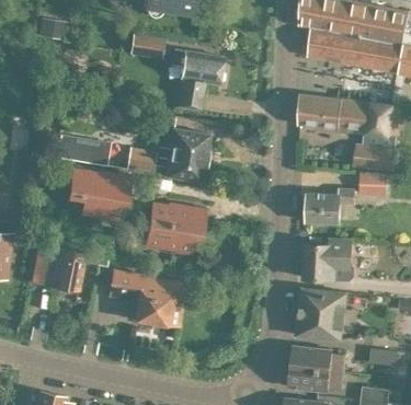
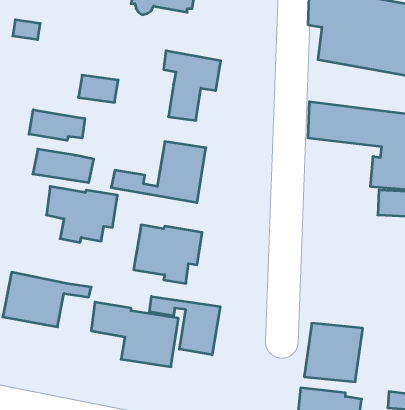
building: [129,35,164,59] -> [78,75,118,102]
building: none -> [29,110,85,140]
building: [305,189,353,223] -> none
building: [302,239,352,280] -> none
building: none -> [150,296,220,355]

